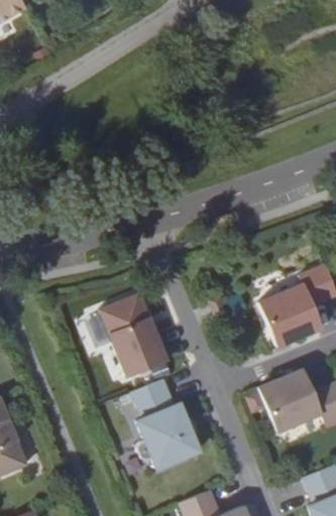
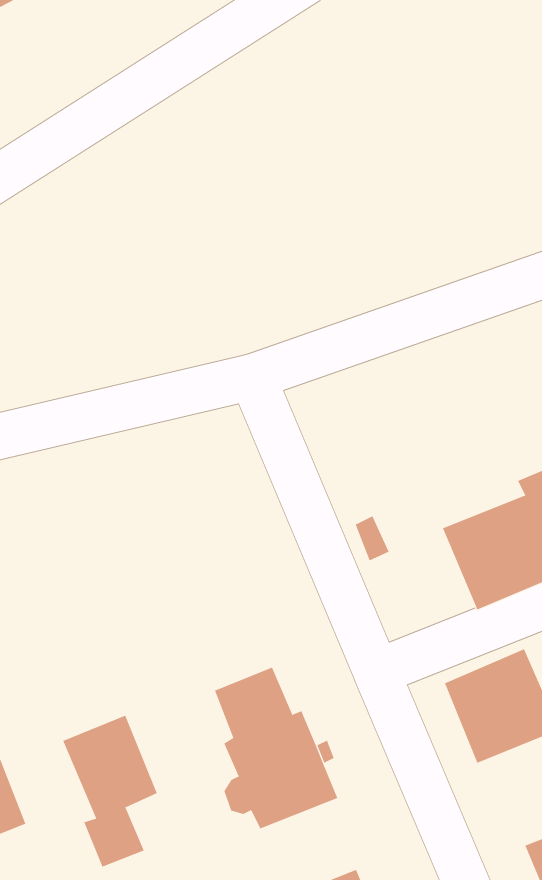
building: [99,293,167,378] -> none
building: none -> [62,715,158,868]

